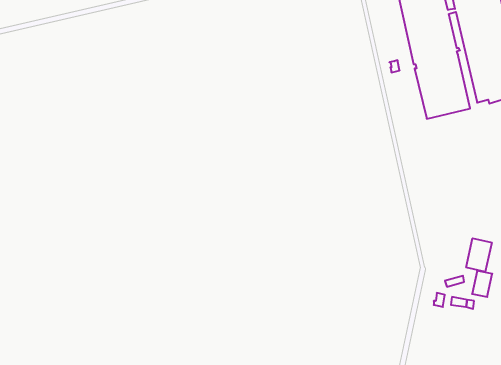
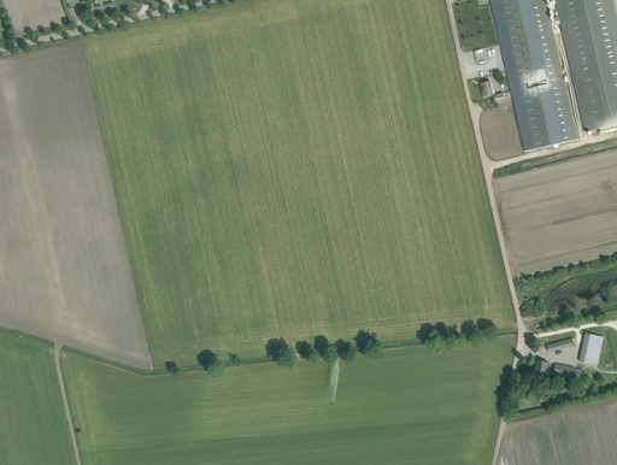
building: [466,238,492,272] -> none

